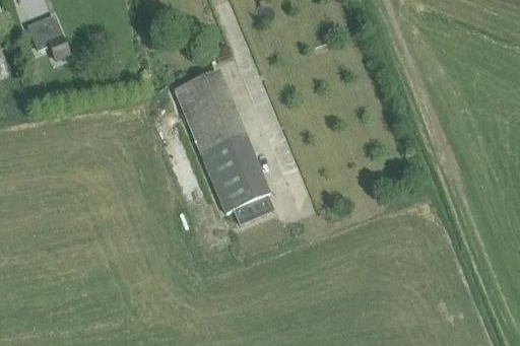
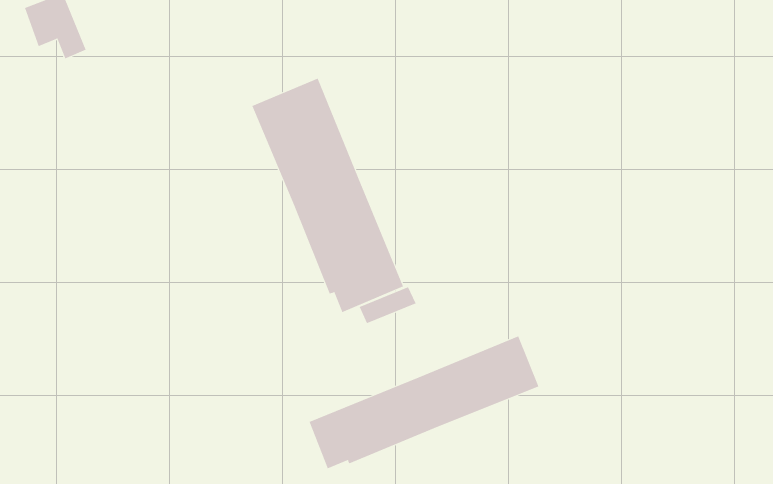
building: none -> [309,336,539,469]

